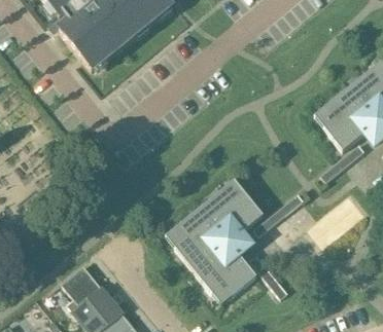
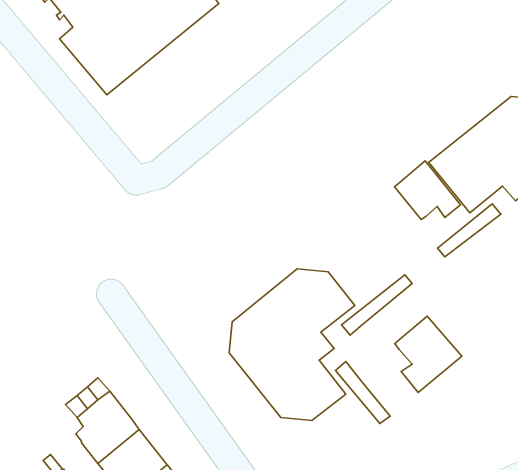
building: none -> [395,161,461,219]
building: none -> [395,316,462,392]

